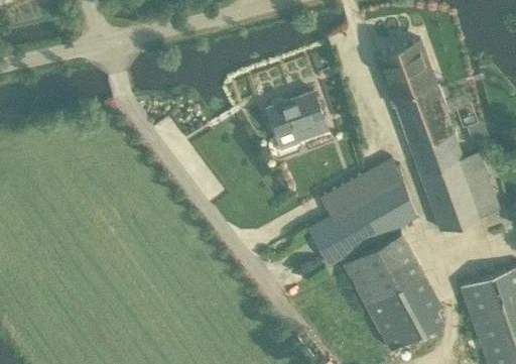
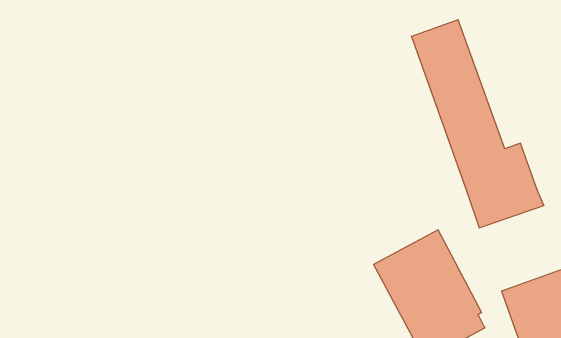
building: [268,93,328,150] -> none
building: [307,157,417,266] -> none

